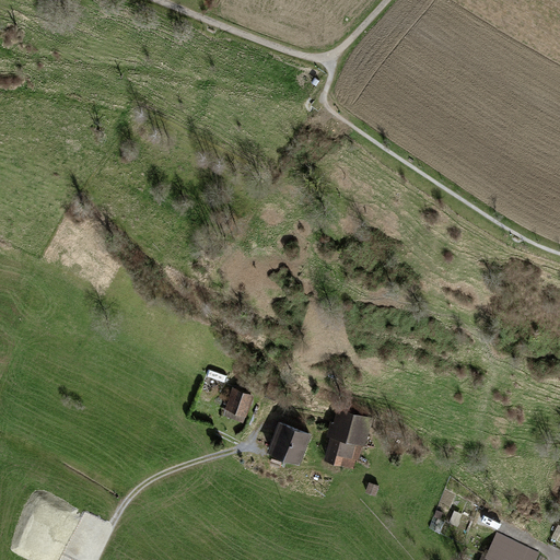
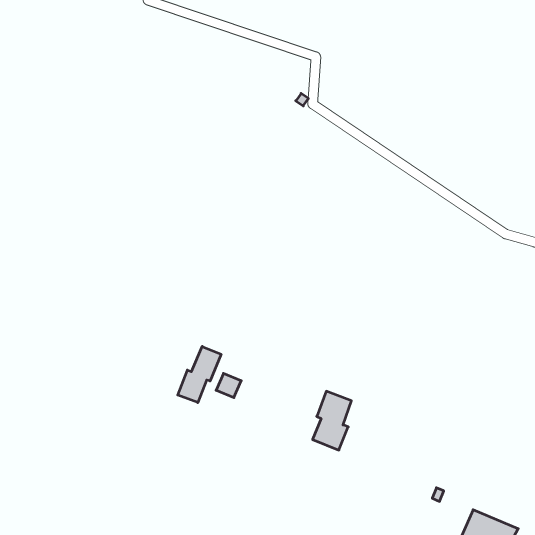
building: none -> [178,346,221,403]
building: [268,421,311,465] -> none

